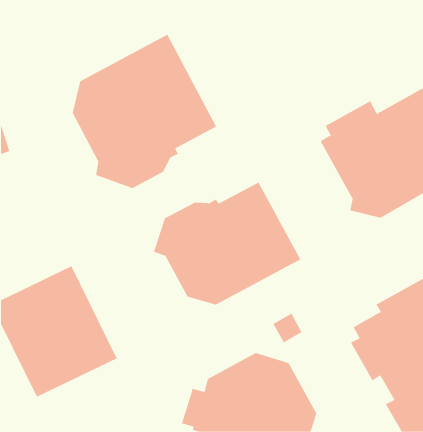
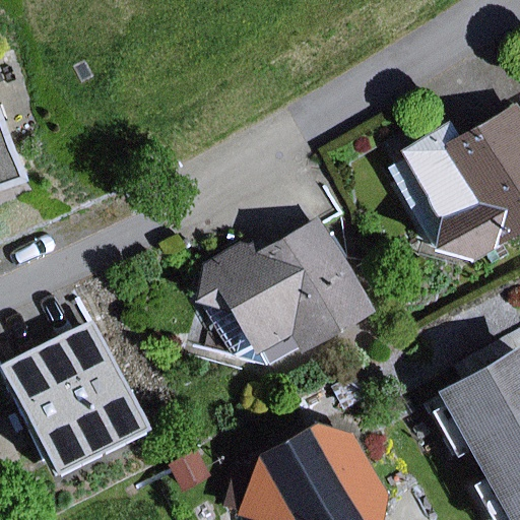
building: [72,34,217,189] -> none

